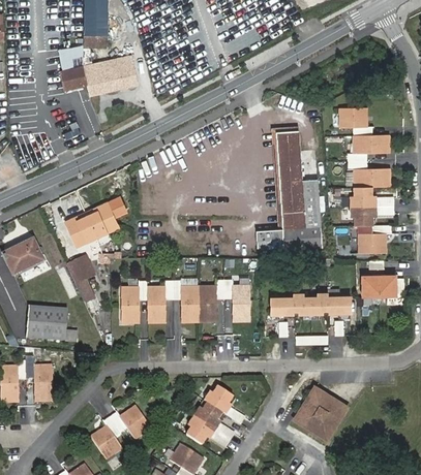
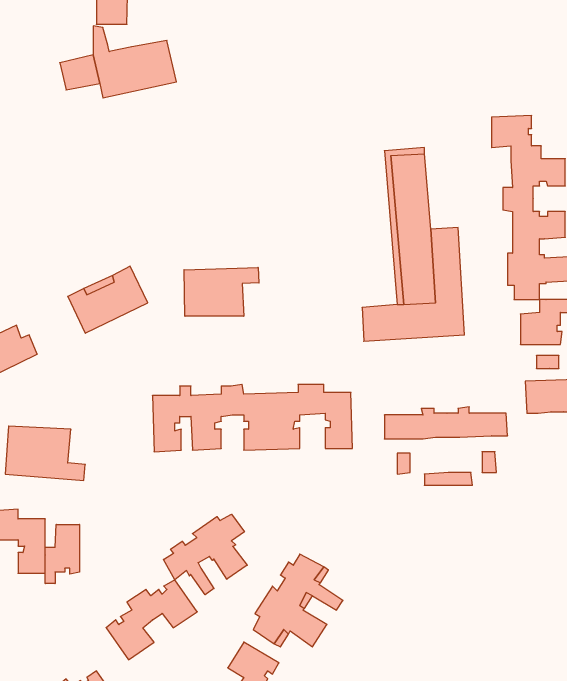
building: none -> [184,267,259,316]
building: [66,254,97,303] -> none
building: none -> [163,514,247,595]
building: none -> [45,524,79,584]
building: [295,388,345,438] -> none

